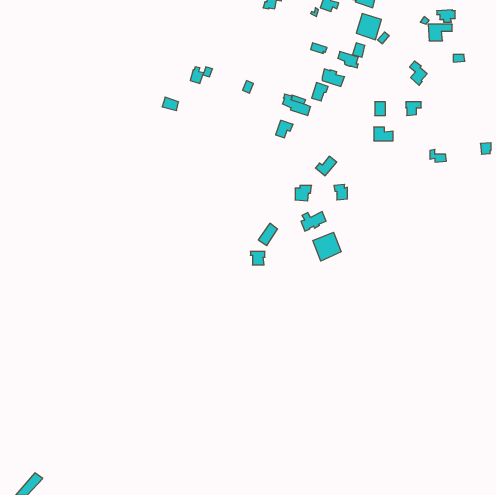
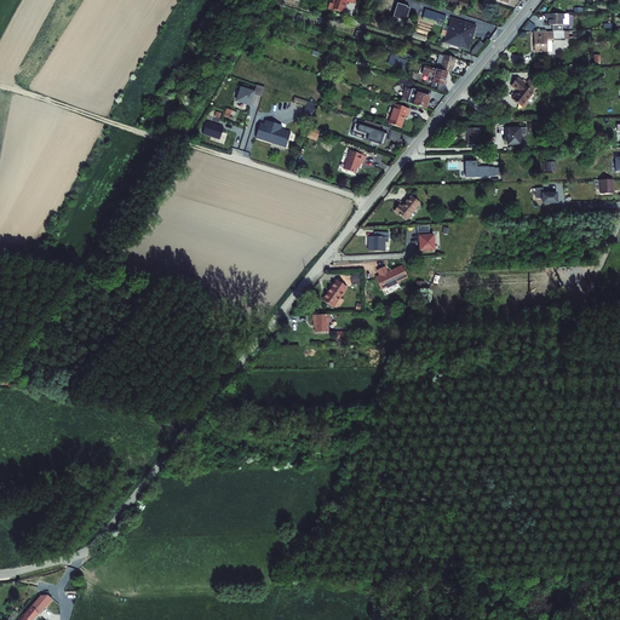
building: none -> [256,120,291,149]
building: [313,232,341,261] -> none

